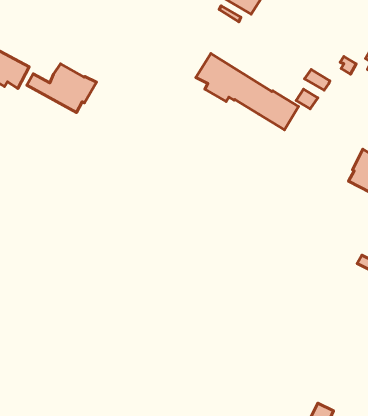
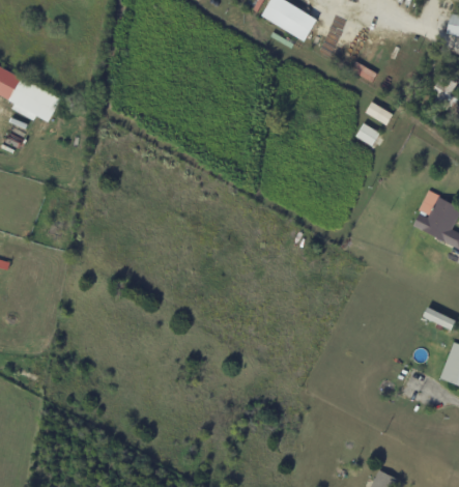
building: [196,54,299,130] -> none
building: [27,64,96,113] -> none

